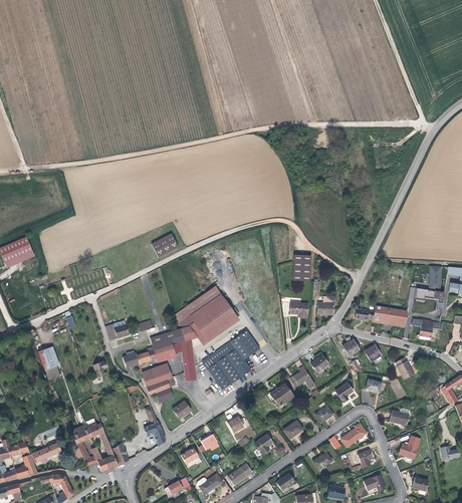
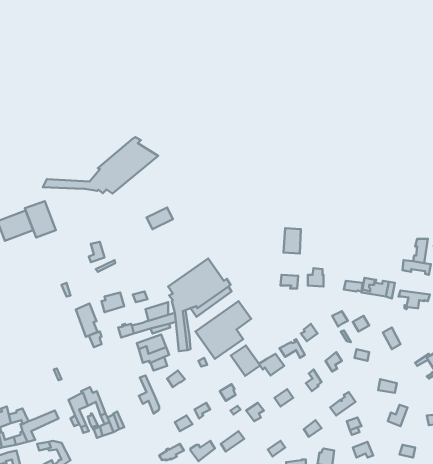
building: none -> [43,137,158,194]
building: none -> [25,201,56,237]
building: [38,345,60,380] -> [76,304,97,337]
building: none -> [231,345,260,376]

